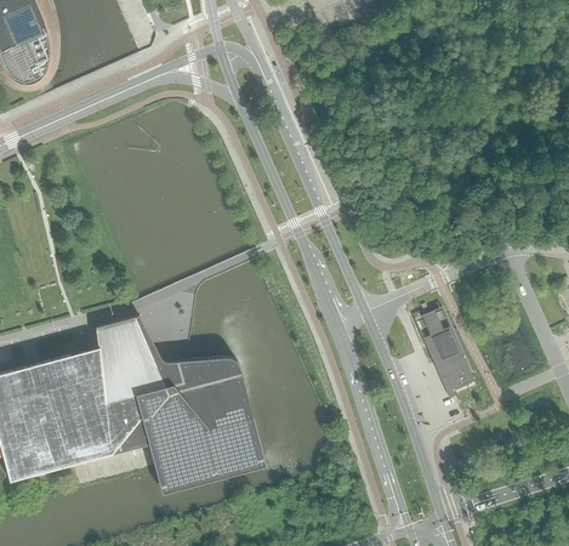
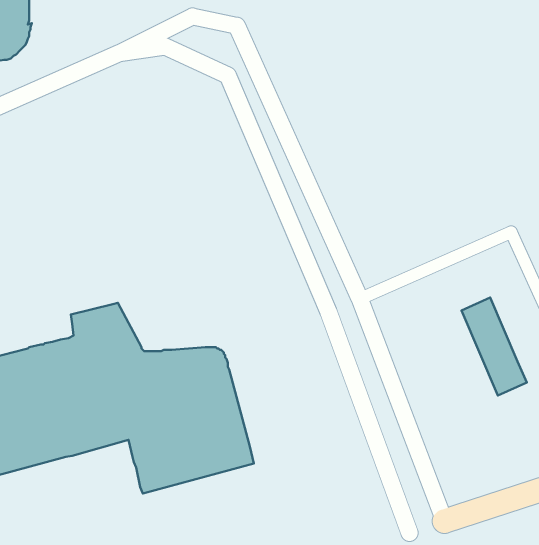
building: [414,307,474,398] -> [461,298,527,396]

